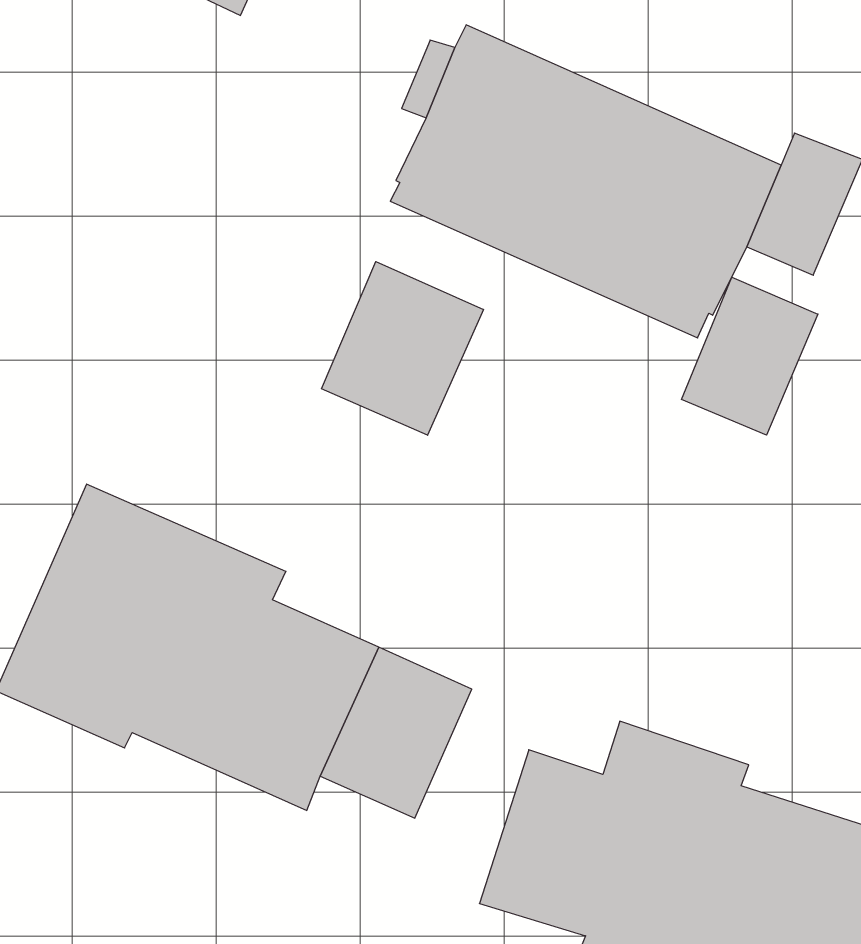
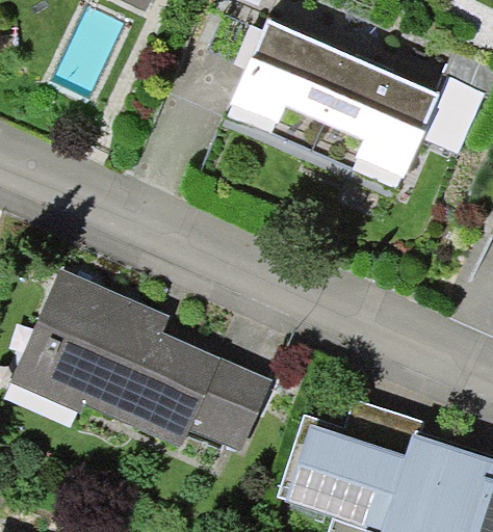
building: [321,262,483,435] -> none
building: [681,277,818,435] -> none

